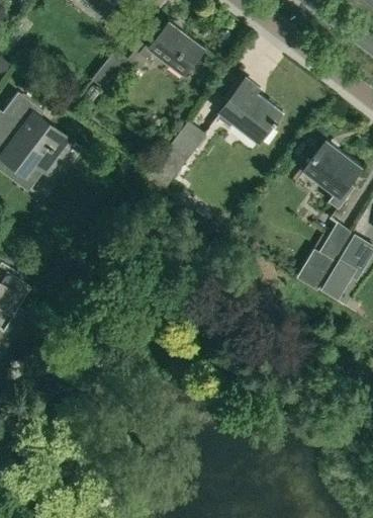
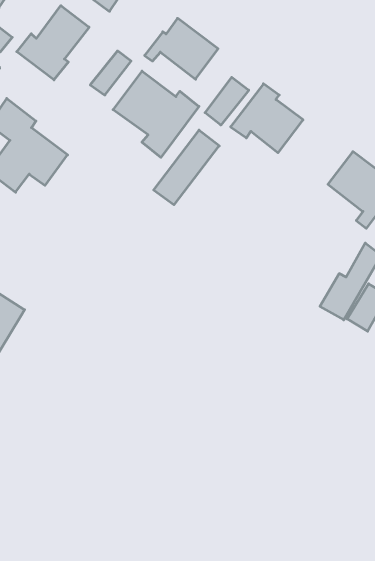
building: none -> [17,6,89,80]
building: none -> [113,71,199,157]
building: none -> [205,77,249,125]

